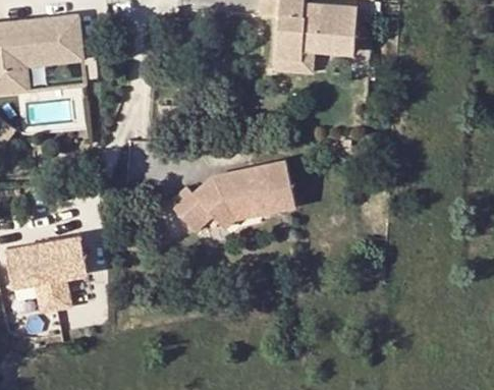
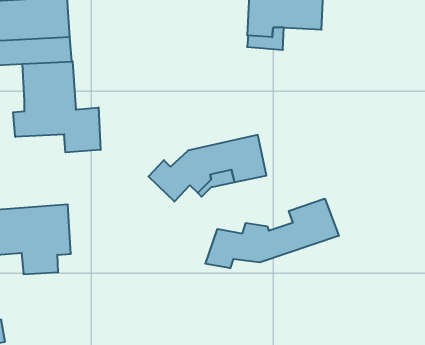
building: none -> [13,61,101,152]
building: none -> [205,199,339,268]

